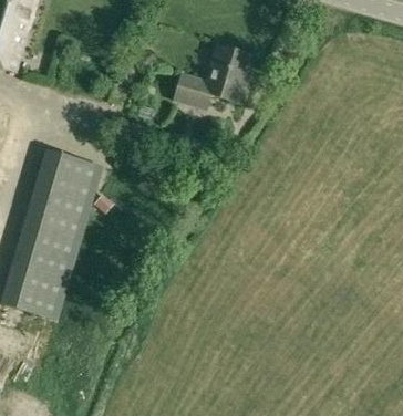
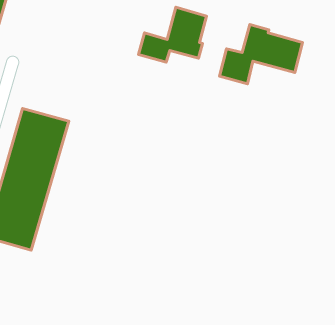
building: none -> [220,24,303,84]

